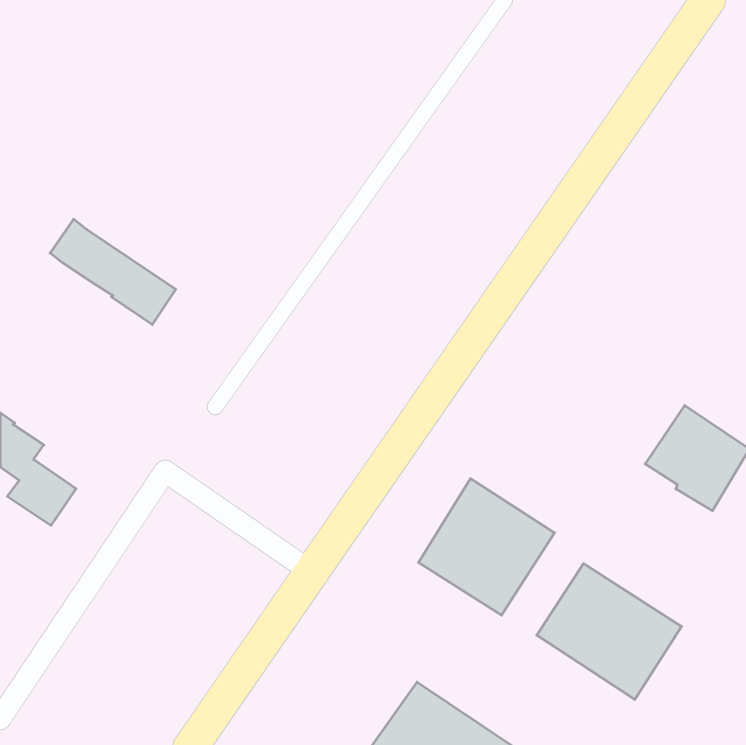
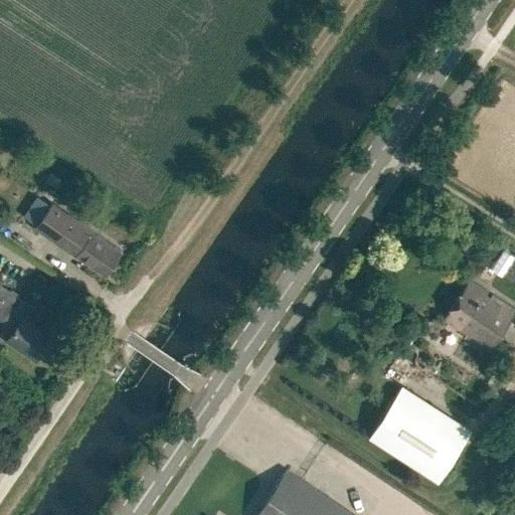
building: [50,219,176,325] -> [35,204,122,277]
building: [418,479,555,615] -> none

